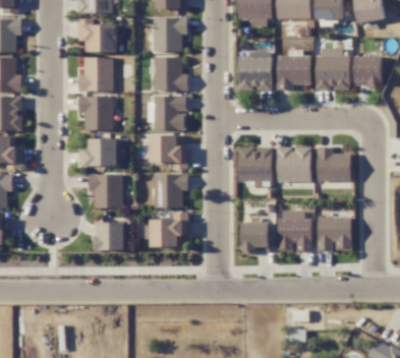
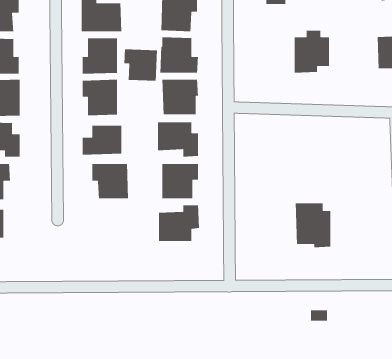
building: [315,48,349,91] -> none
building: [237,55,271,91] -> none
building: none -> [124,49,158,82]
building: [236,146,271,185] -> none
building: [276,146,310,182] -> none
building: [316,147,351,181] -> none
building: [317,217,350,252] -> none
building: [93,222,123,250] -> none
building: [240,222,269,253] -> none

